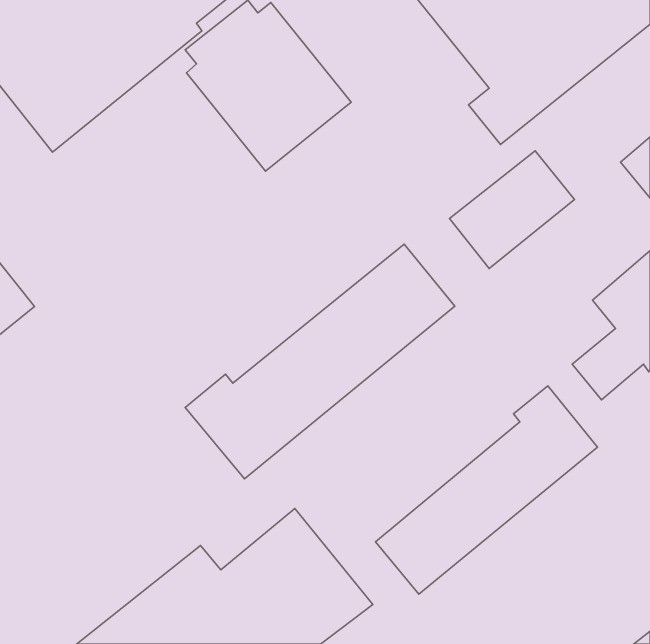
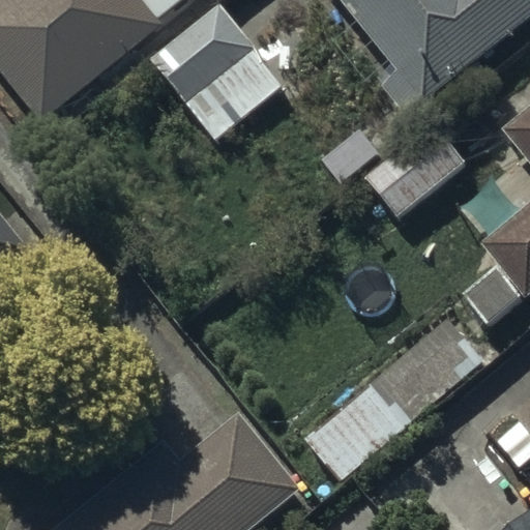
building: [185,244,455,479] -> none

